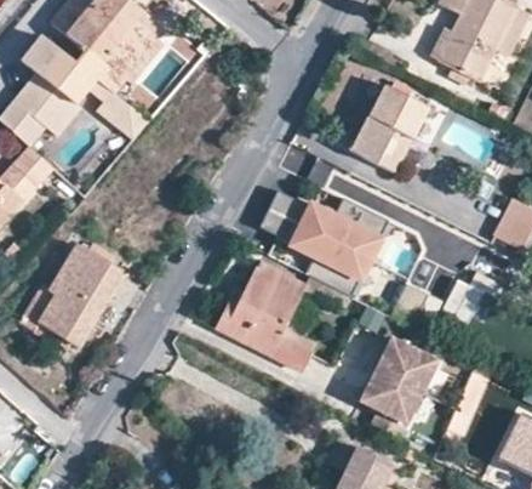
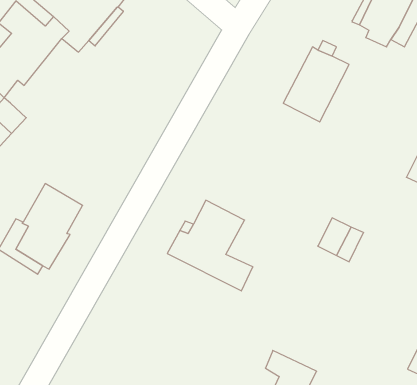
building: [259,191,389,297] -> none
building: [359,336,445,445] -> none

